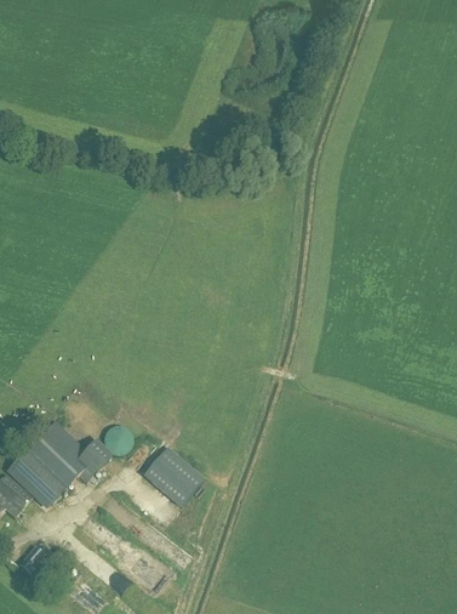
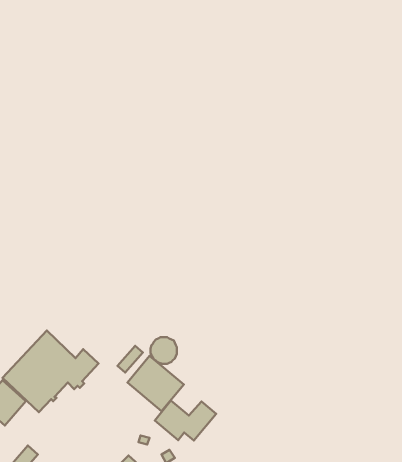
building: [103,426,132,455] -> [150,337,177,364]
building: none -> [155,400,216,441]

